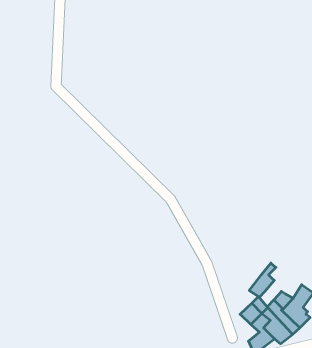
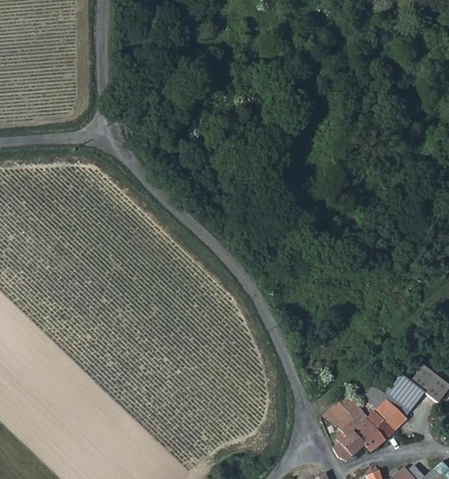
building: [249,263,276,297] -> none

